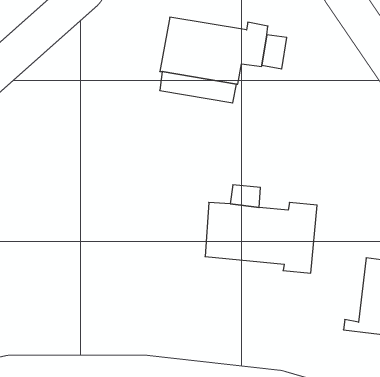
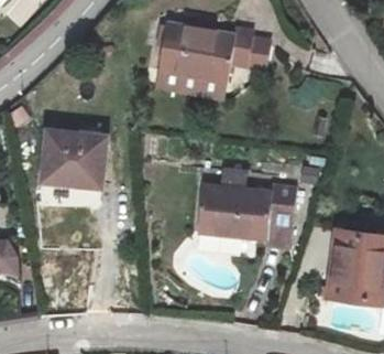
building: none -> [40,131,106,190]

